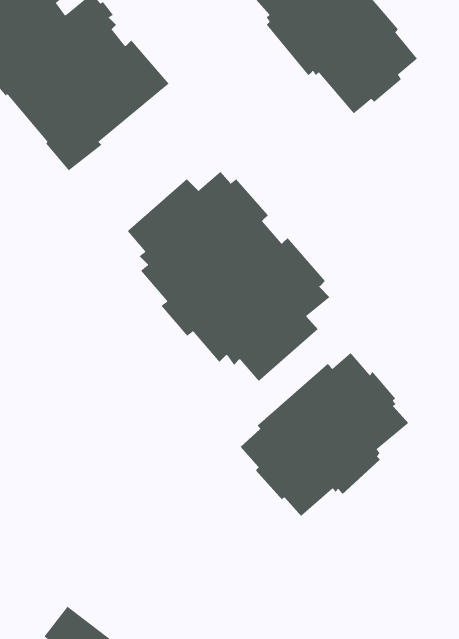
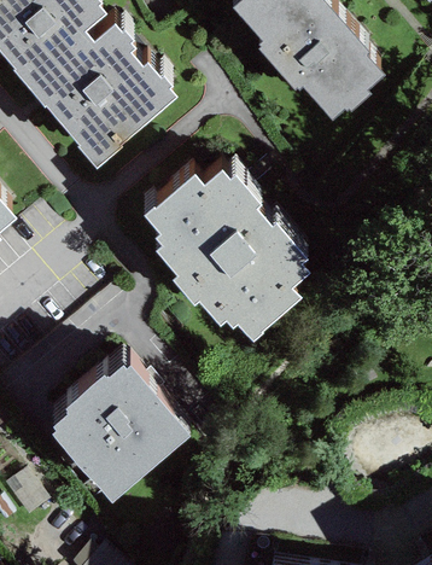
building: [240,352,409,517] -> none
building: none -> [51,363,189,502]

